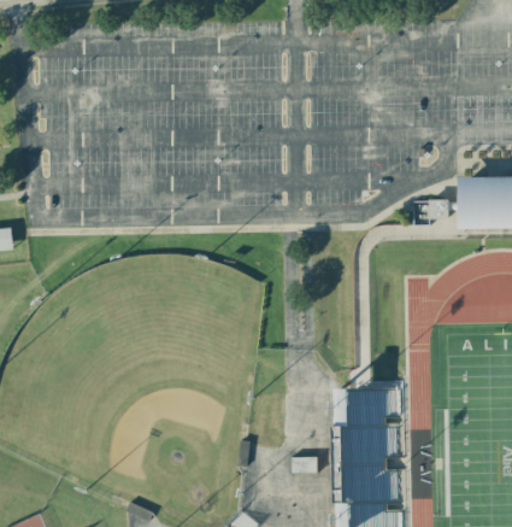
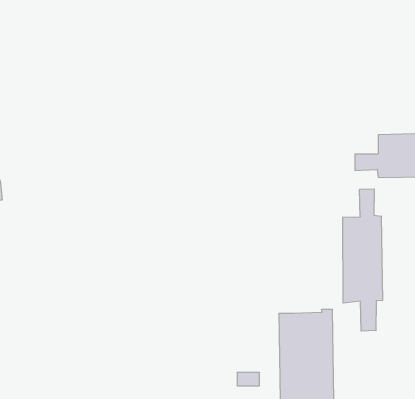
building: none -> [343,189,382,331]

